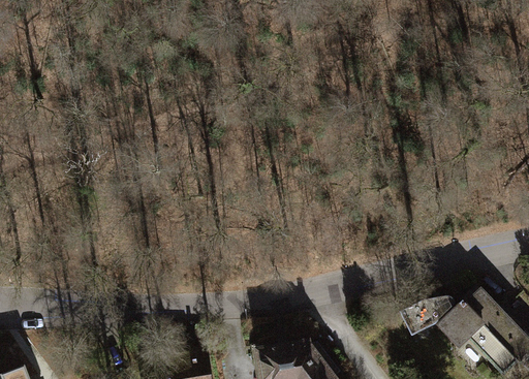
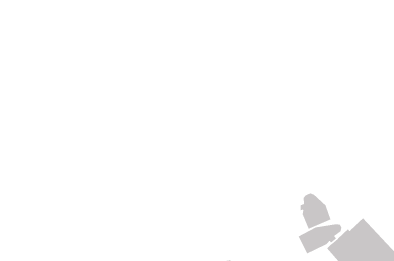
building: none -> [300,193,332,230]

